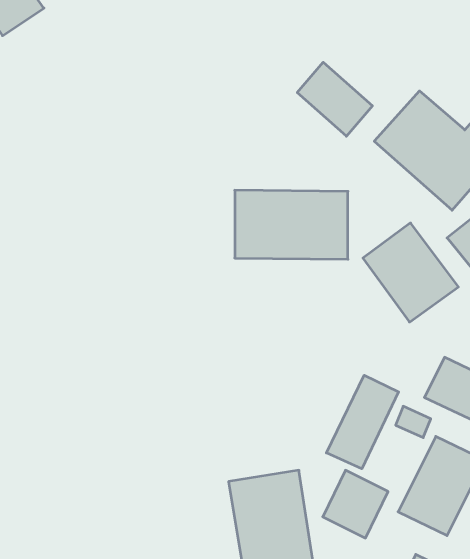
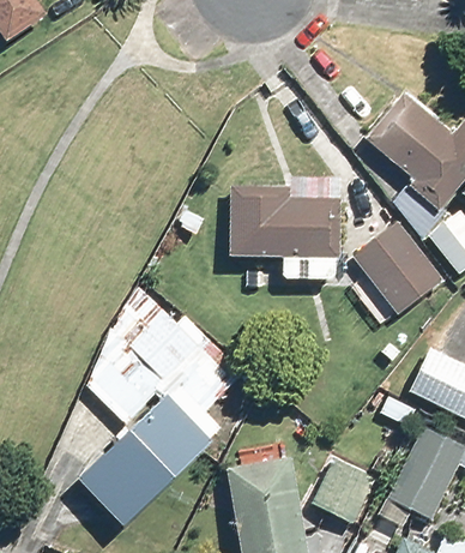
building: [297,62,372,136] -> none
building: none -> [76,300,244,529]
building: [326,375,399,469] -> none

